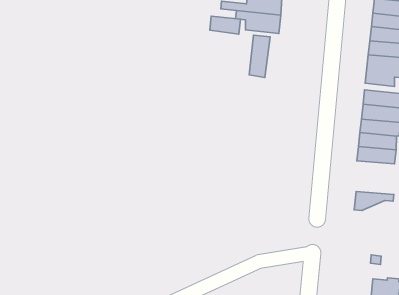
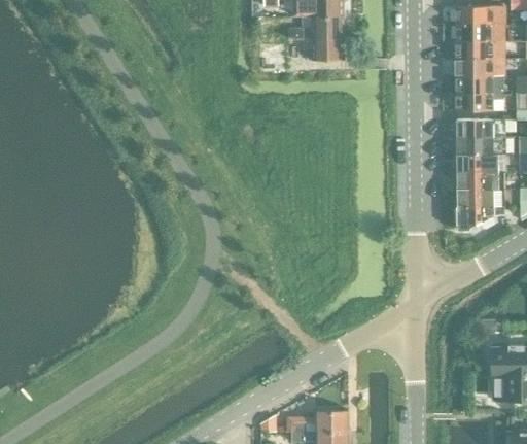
building: [210,16,240,34] -> none
building: [249,35,270,78] -> none
building: [354,191,394,211] -> [457,205,503,229]

